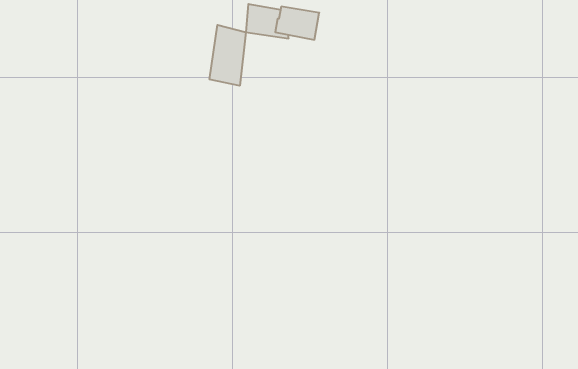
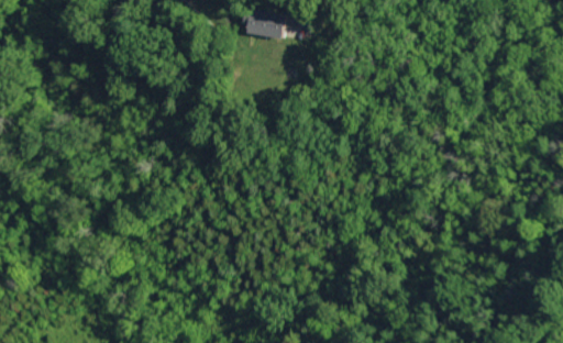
building: [210,25,246,86] -> none

